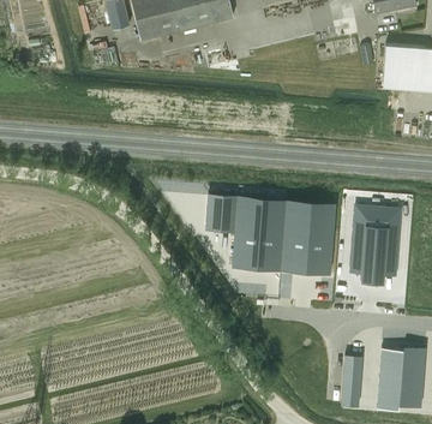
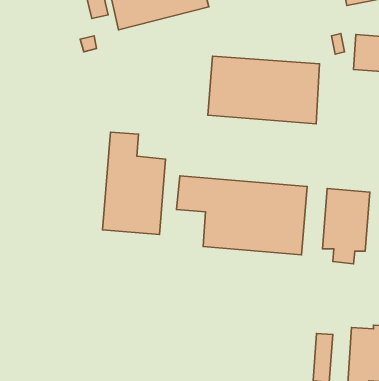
building: none -> [208,56,320,124]
building: none -> [102,132,166,234]

